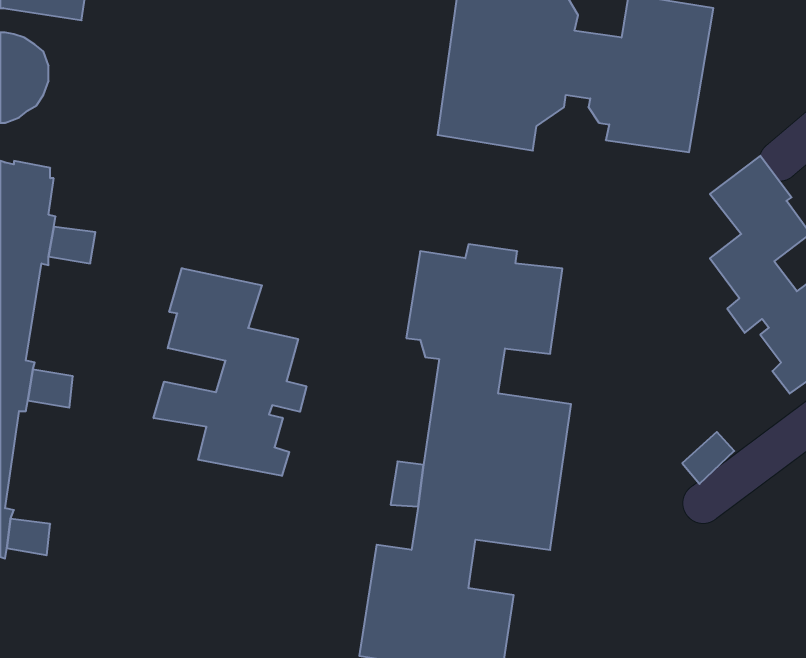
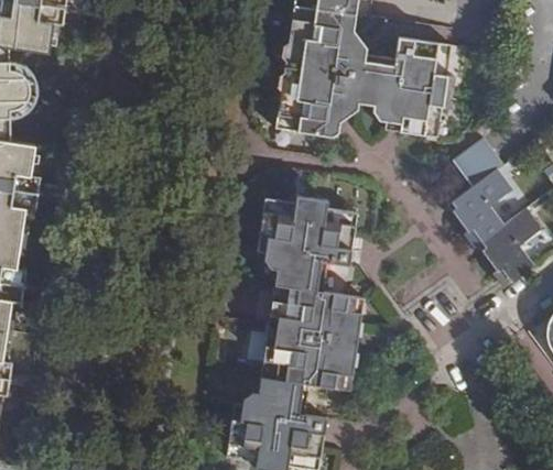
building: [154,268,306,476] -> none

